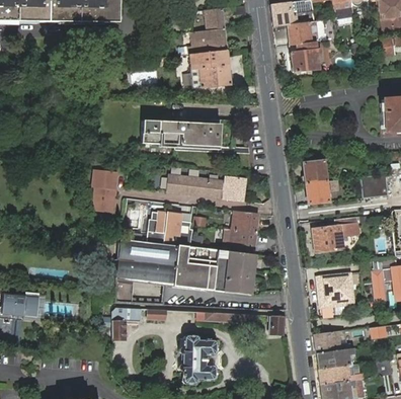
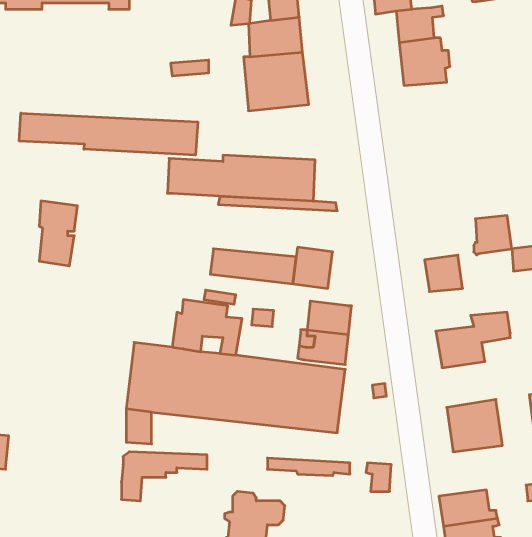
building: none -> [19,113,198,155]
building: [303,159,327,184] -> [474,216,512,255]
building: [93,168,117,210] -> [39,201,77,266]

